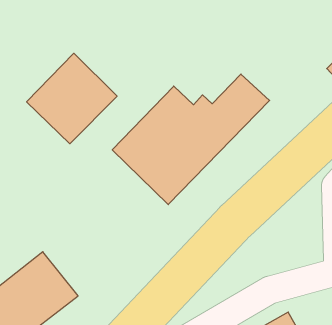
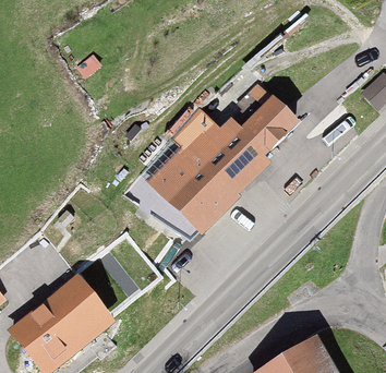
building: [27,53,117,144] -> none

